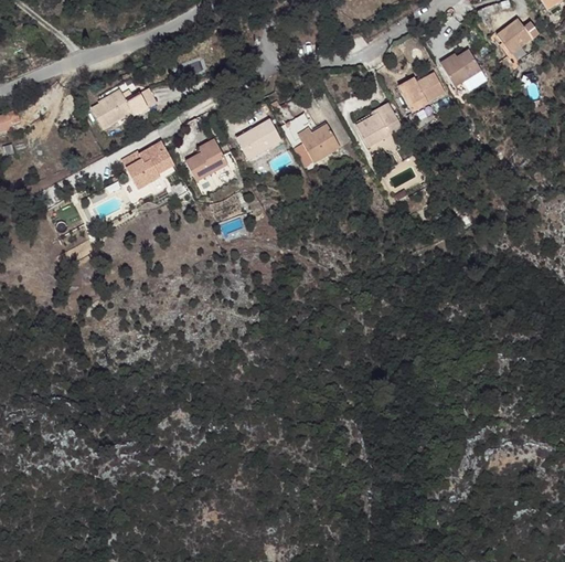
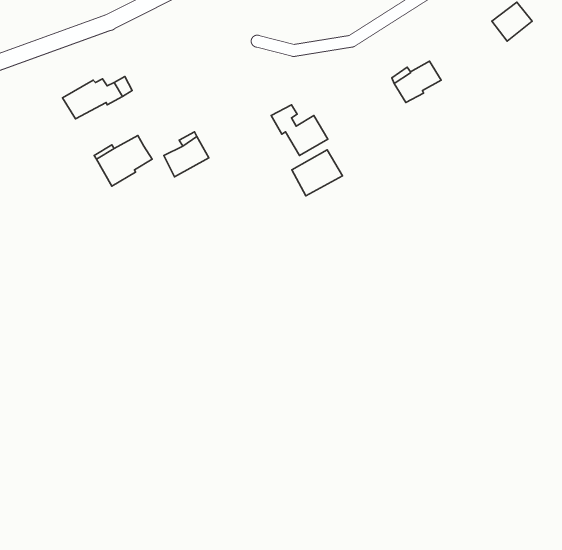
building: [441,50,481,86] -> none
building: [354,102,402,145] -> [292,150,343,196]
building: [236,118,280,157] -> none

